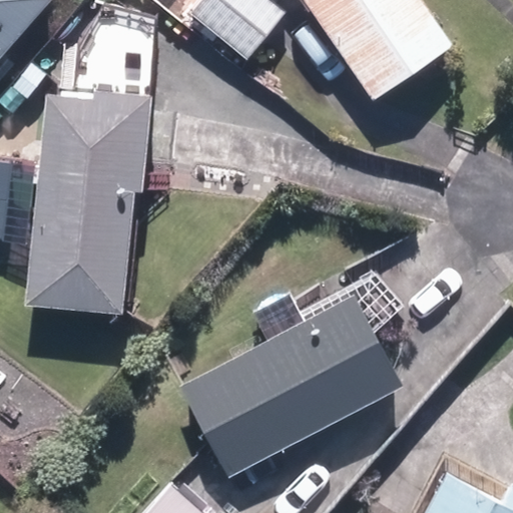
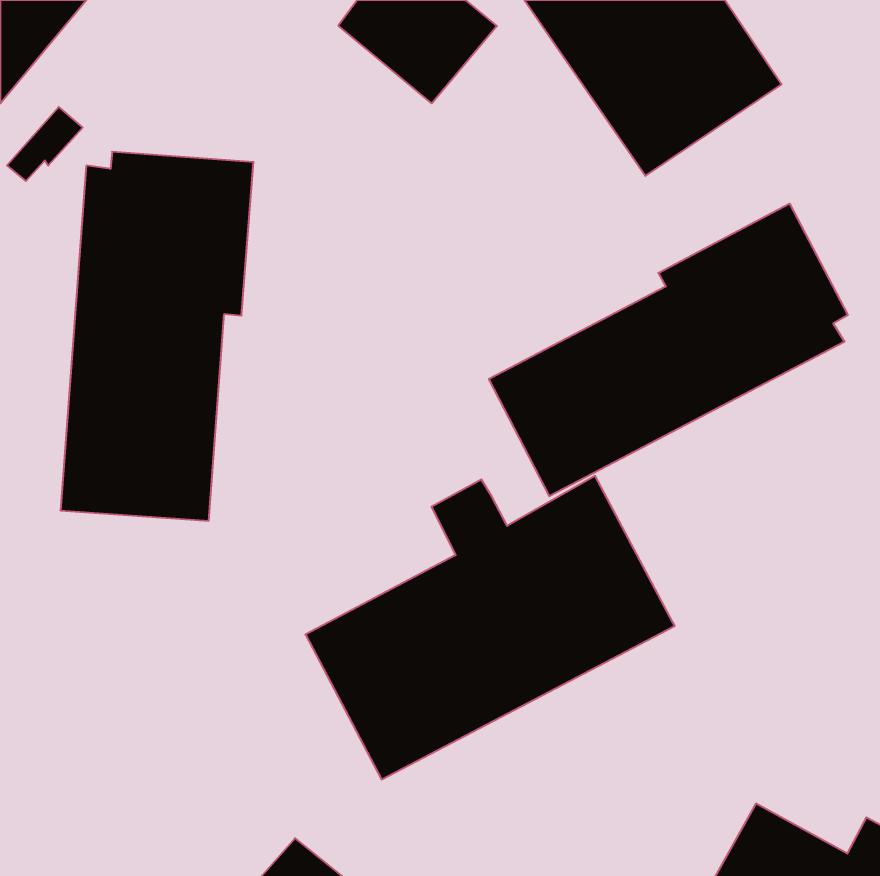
building: none -> [489,204,848,496]

